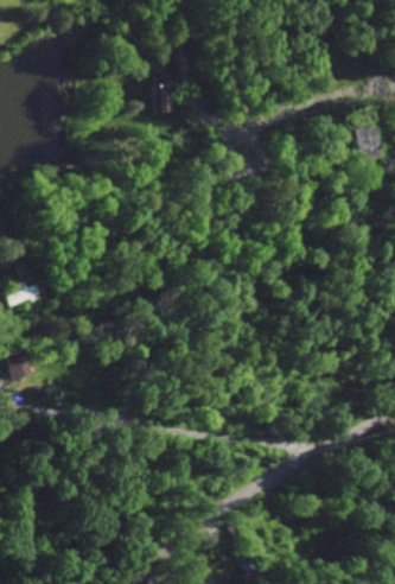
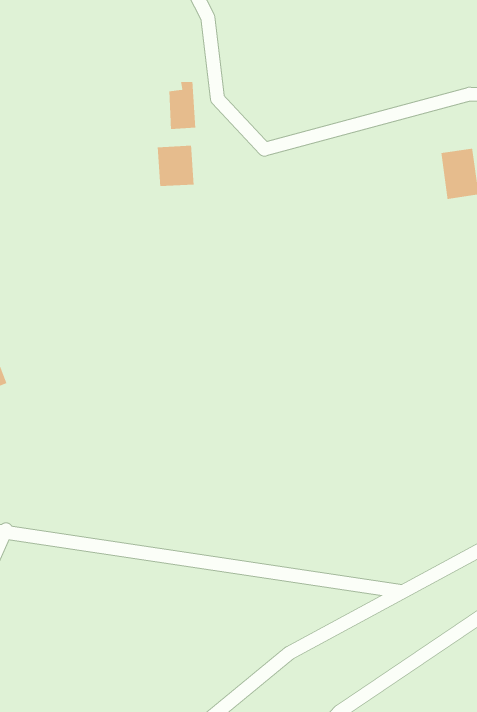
building: none -> [157,145,194,187]

